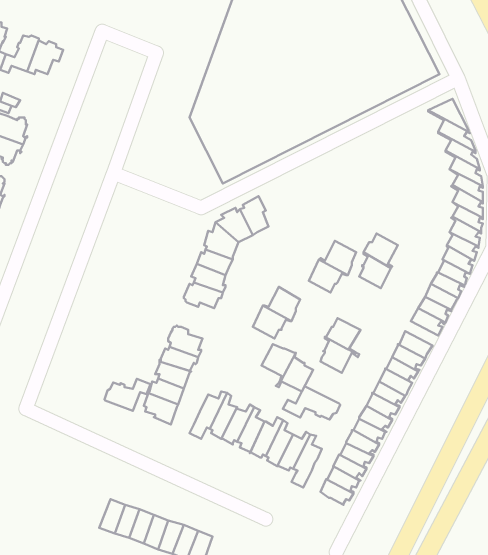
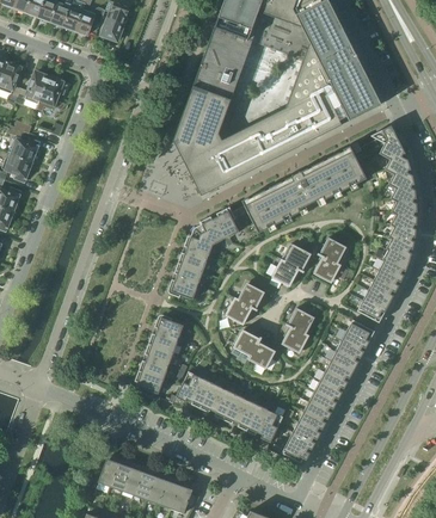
building: none -> [245,150,367,233]
building: [104,379,151,411] -> none
building: [283,386,340,420] -> none

